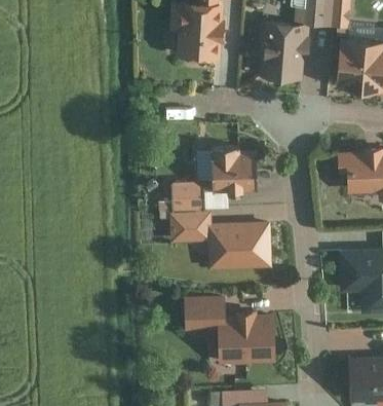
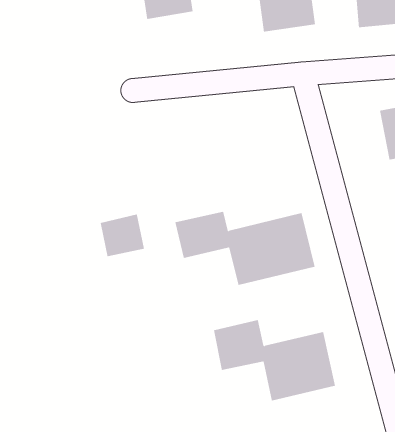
building: [210,146,254,184] -> none
building: [171,180,202,209] -> [100,214,145,257]

